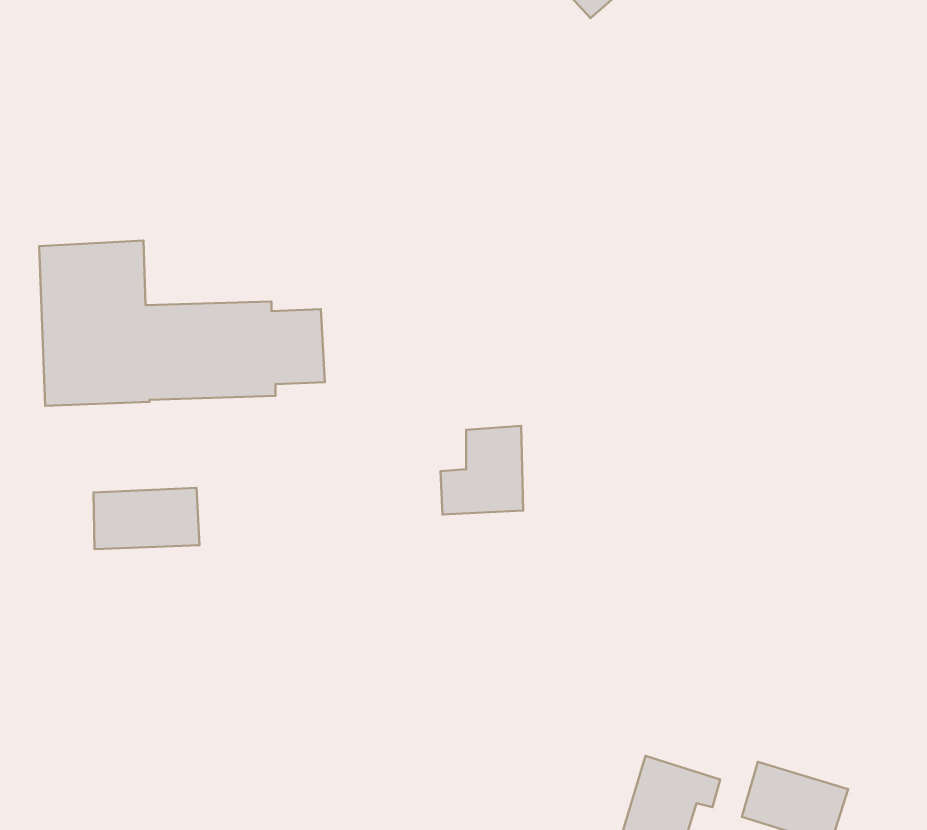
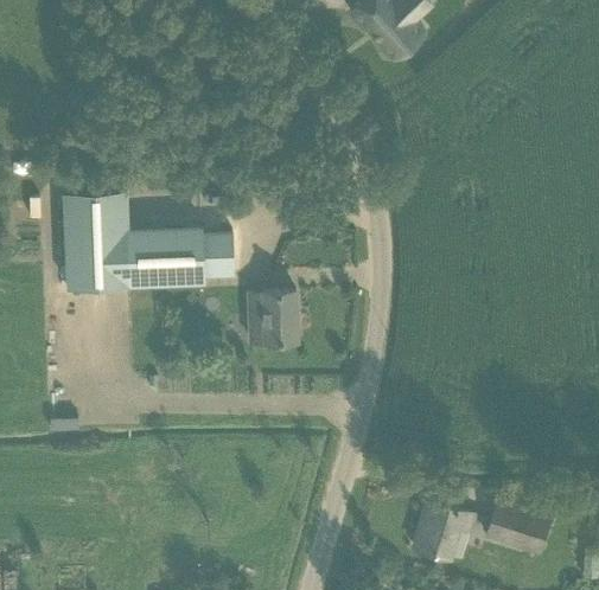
building: [441,426,523,514] -> [248,291,298,345]
building: [93,488,200,549] -> none

